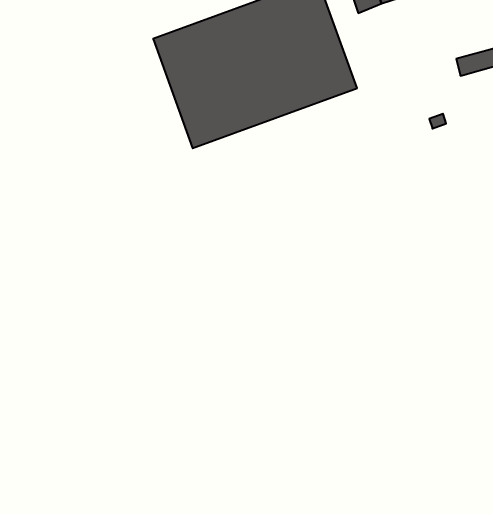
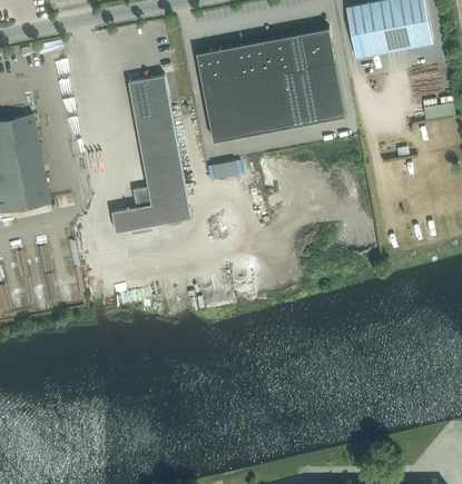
building: none -> [111,77,190,234]

